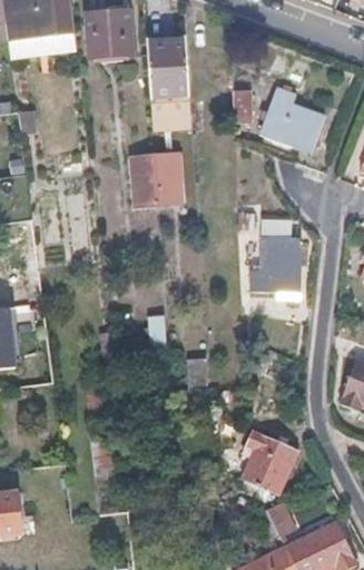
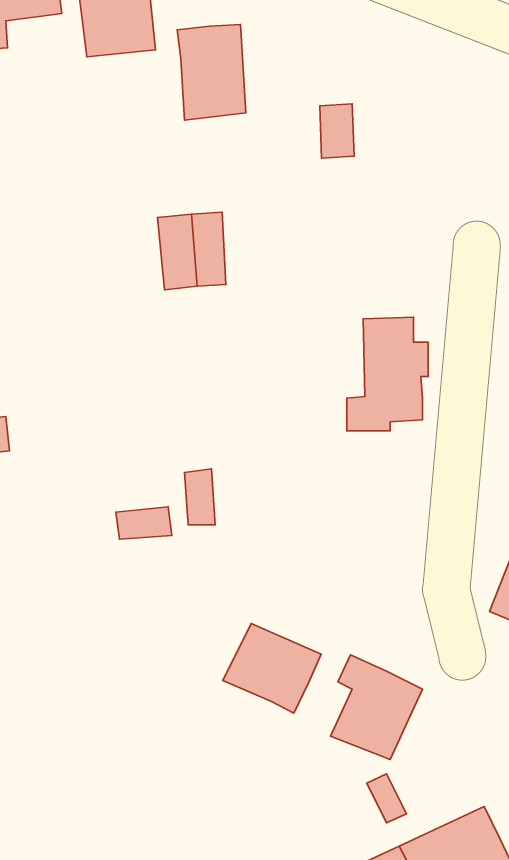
building: [267,89,324,154] -> none
building: none -> [223,624,321,713]

